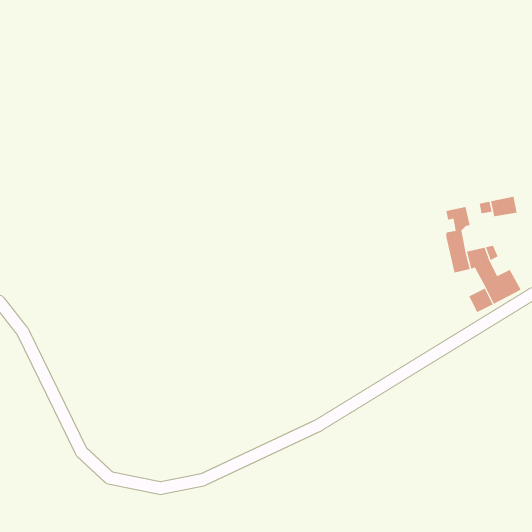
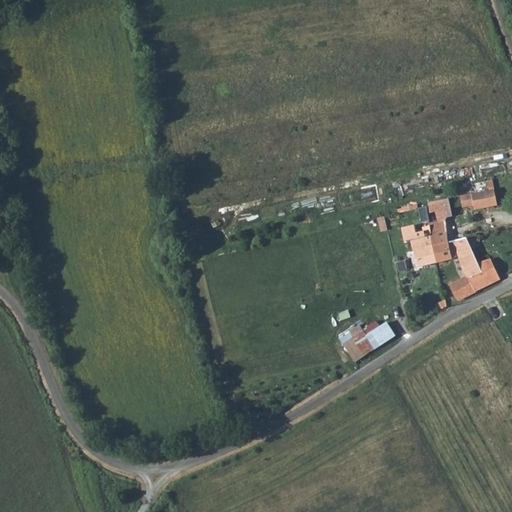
building: none -> [401,226,435,267]
building: none -> [338,320,393,361]

